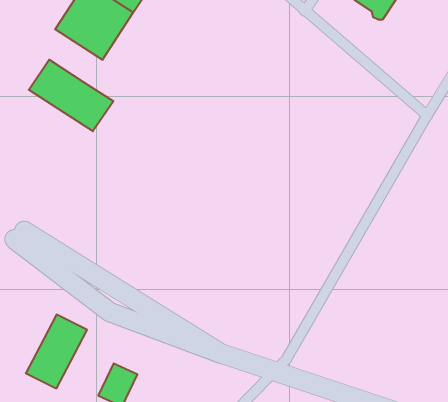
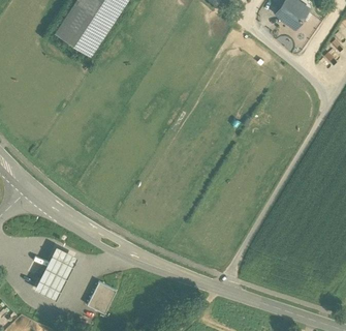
building: [29,60,113,131] -> none

